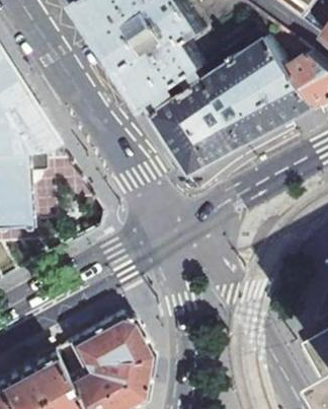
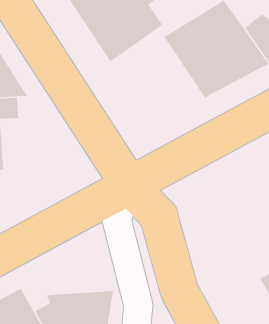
building: [145,71,247,178] -> none
building: [65,315,149,359] -> none

